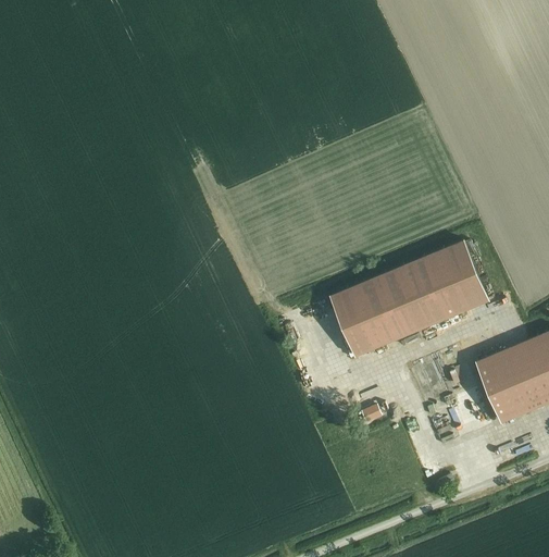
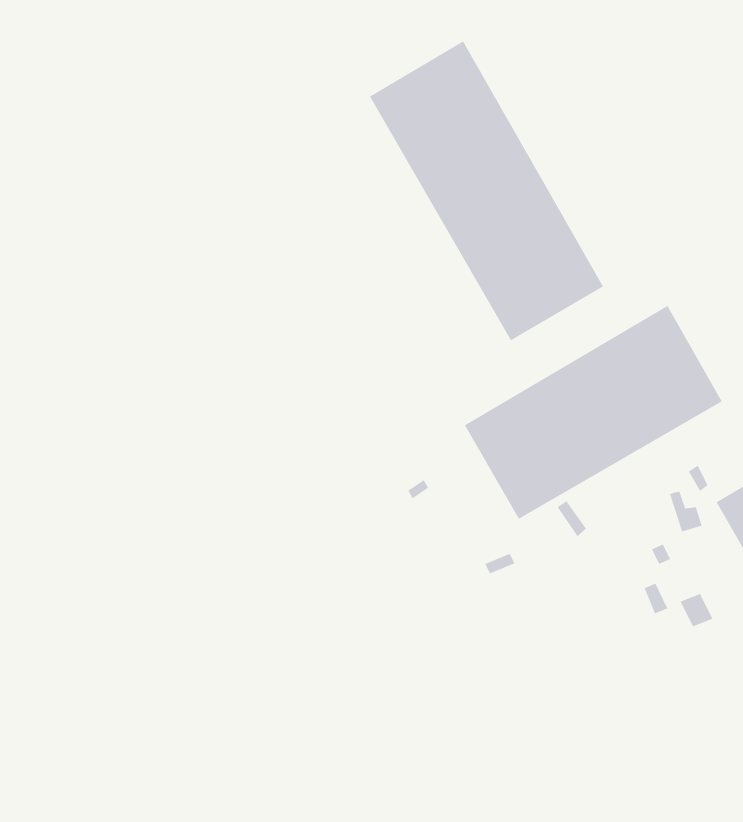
building: none -> [369,40,604,341]

